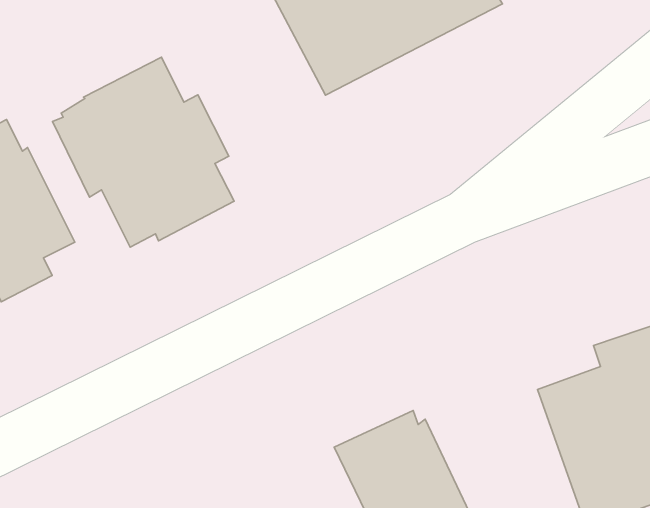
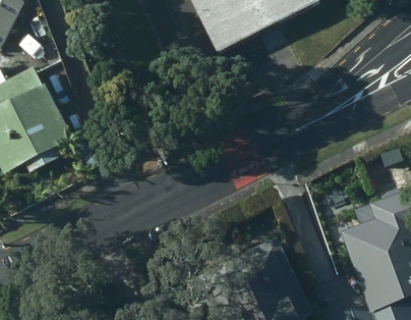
building: [53,57,234,247] -> none

